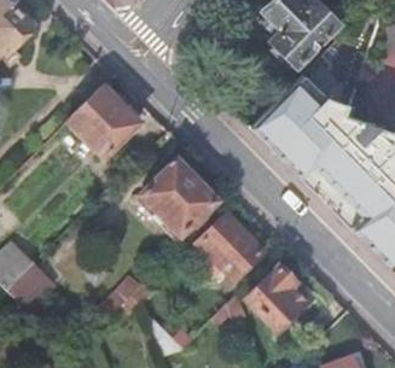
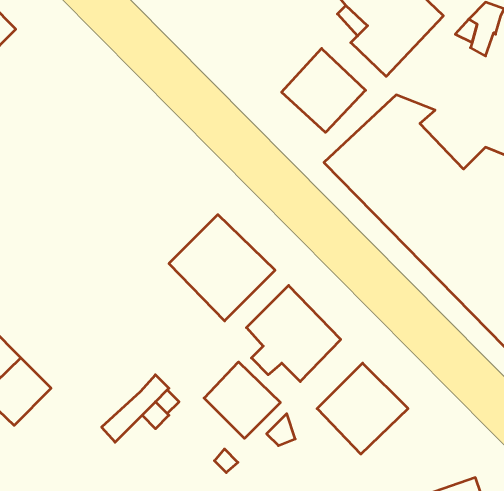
building: none -> [282,48,366,132]
building: [66,86,139,158] -> none
building: none -> [204,362,280,438]

